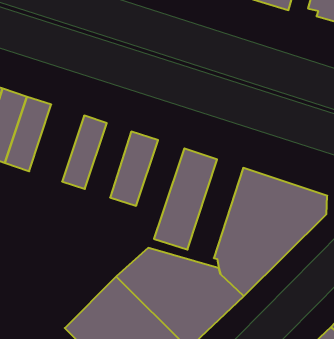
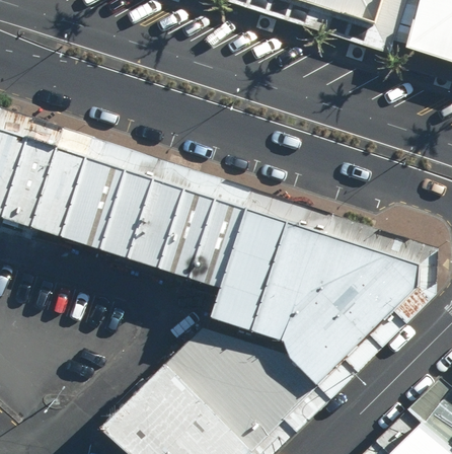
building: none -> [60,156,126,248]
building: none -> [127,178,182,268]
building: none -> [189,199,246,288]
building: none -> [250,222,317,341]

